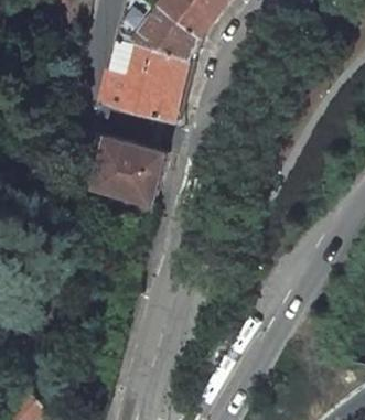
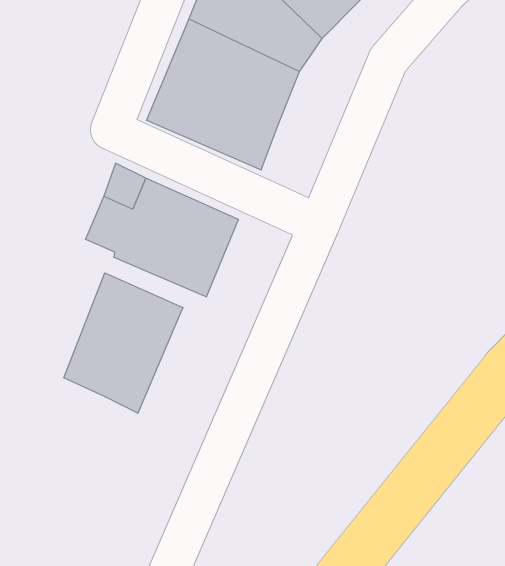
building: none -> [64,273,183,413]

